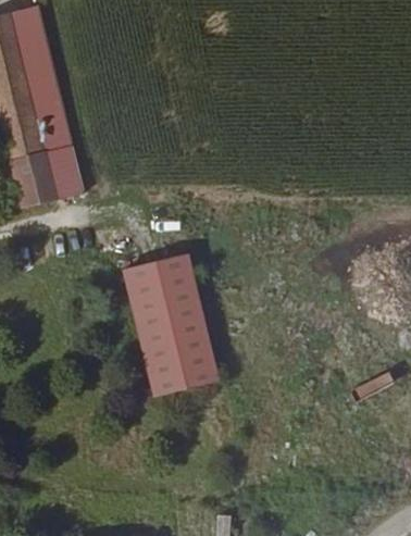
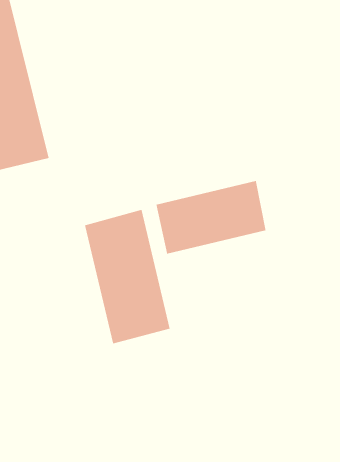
building: none -> [156,180,266,255]

